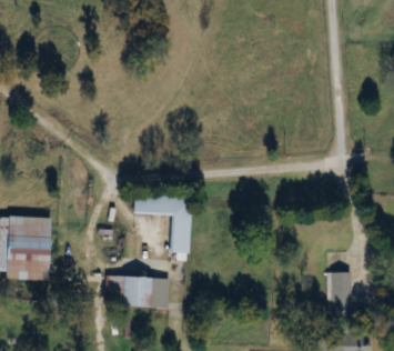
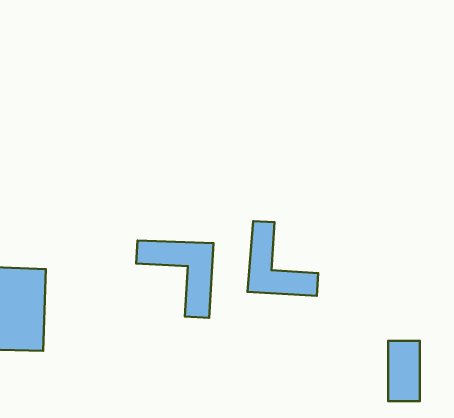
building: none -> [248,221,318,296]
building: [104,277,166,308] -> none

